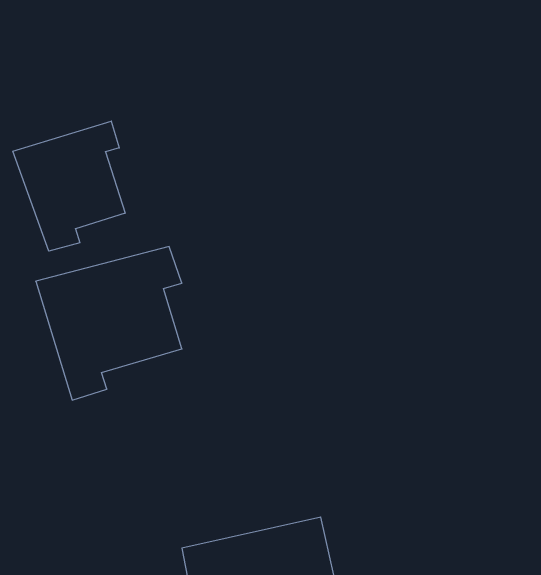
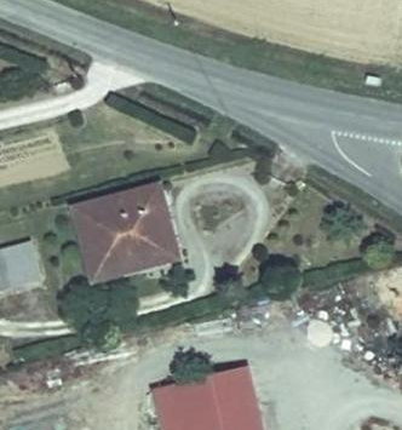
building: [13,121,125,251] -> none

